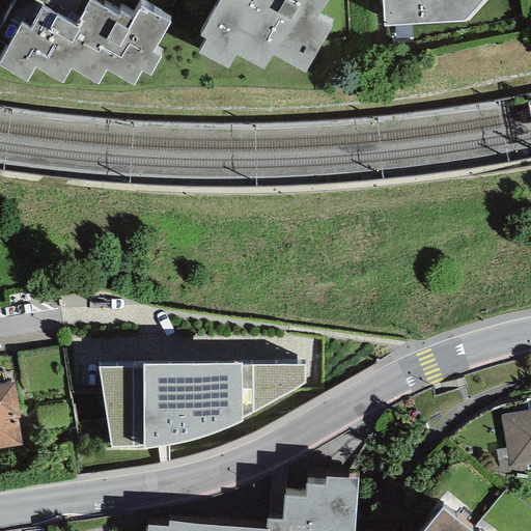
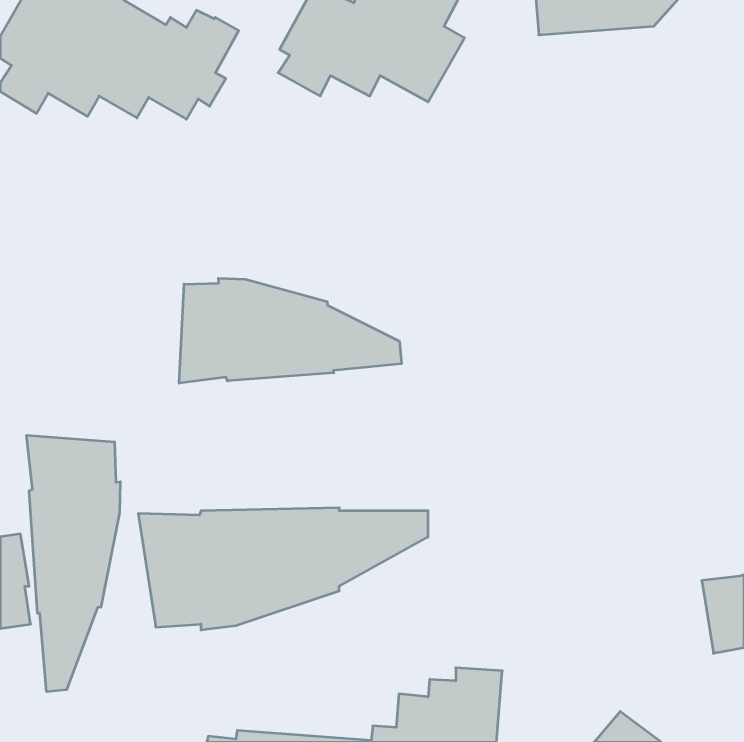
building: none -> [179,278,401,383]
building: none -> [27,435,120,692]

